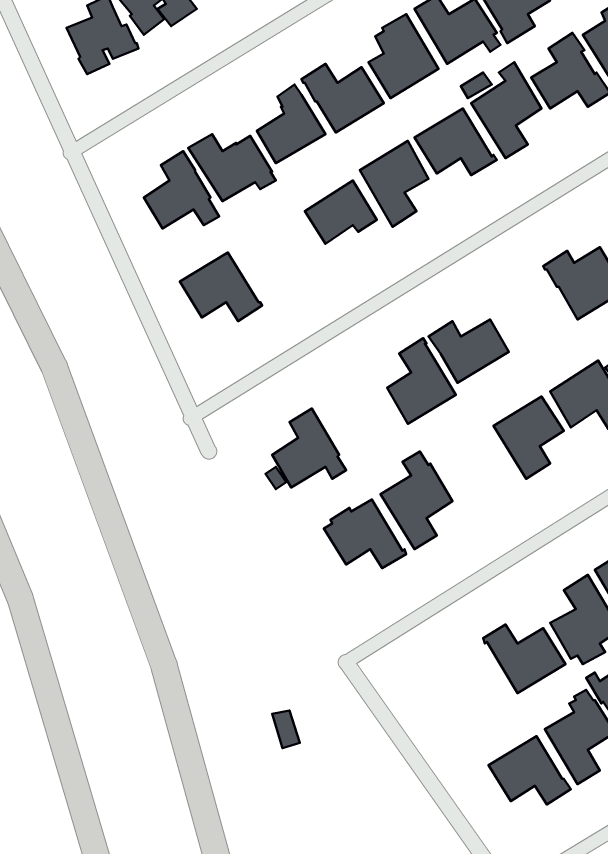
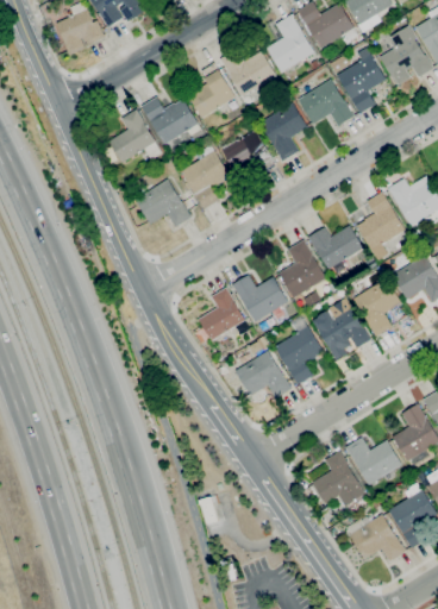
building: none -> [181,145,230,209]
building: none -> [356,193,405,259]
building: none -> [231,275,288,322]
building: none -> [313,301,370,360]
building: none -> [312,451,367,506]

